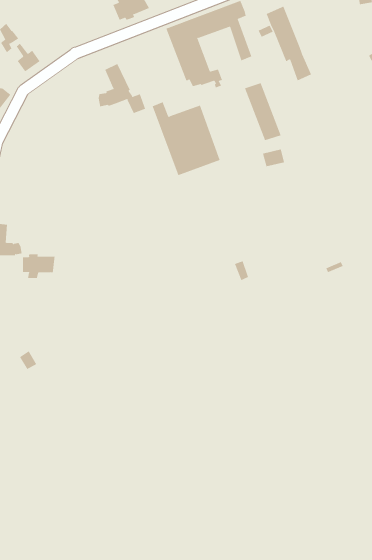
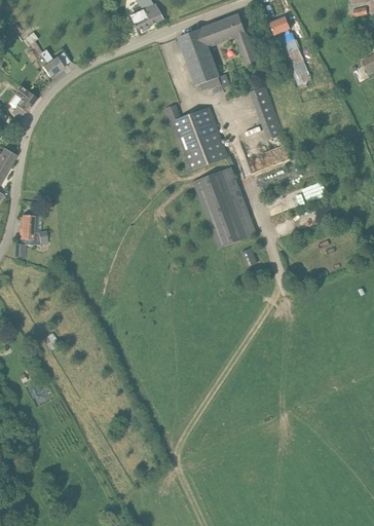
building: [98,63,146,114] -> none
building: none -> [193,170,257,248]
building: [22,254,55,279] -> none

